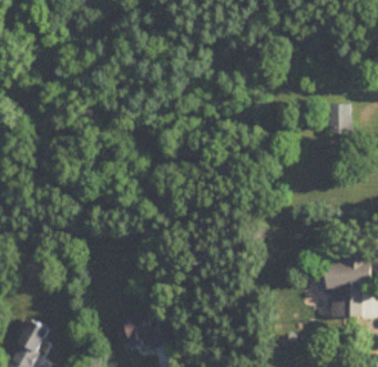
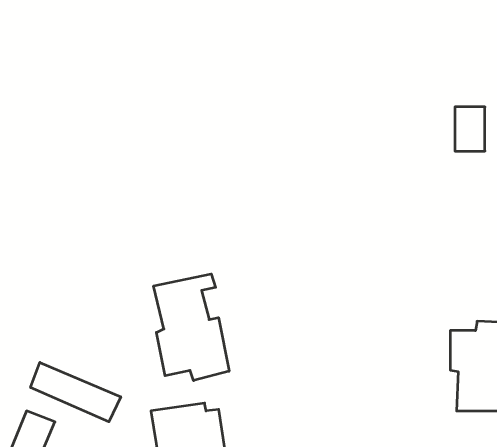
building: none -> [154,274,229,381]
building: none -> [31,362,121,422]

